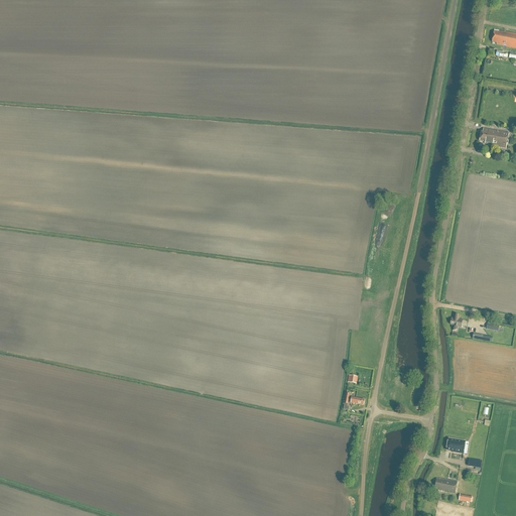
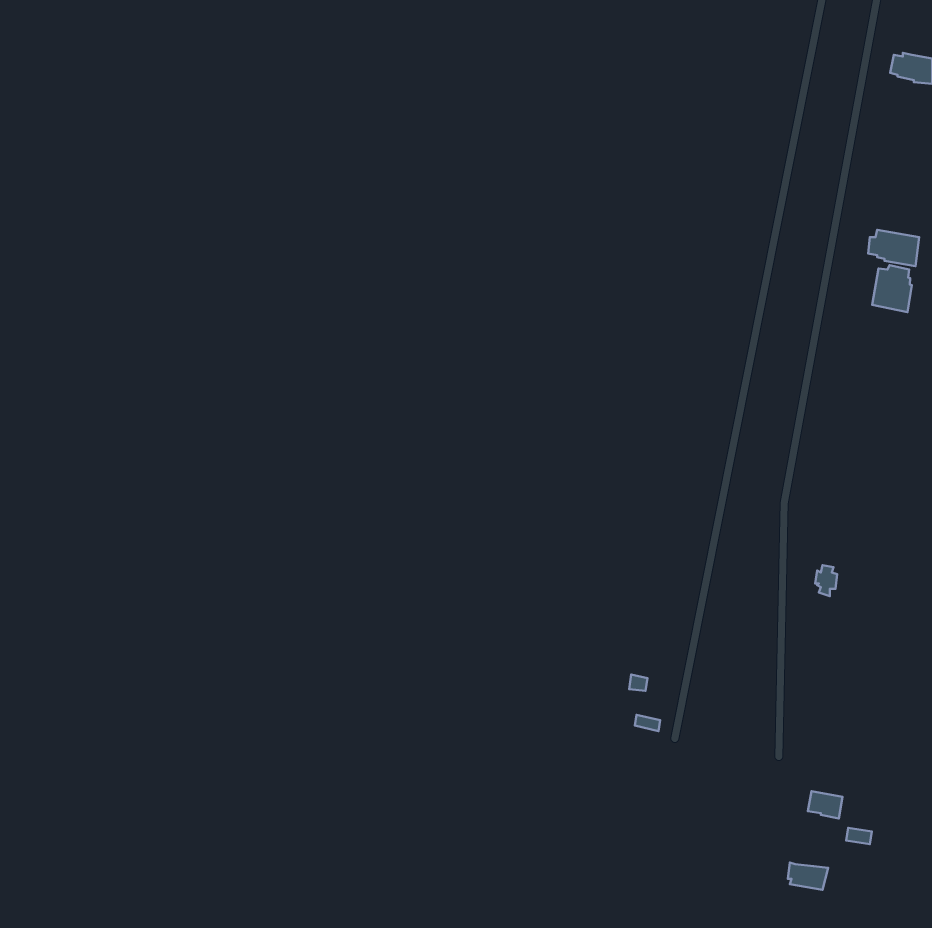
building: none -> [872,265,912,312]

